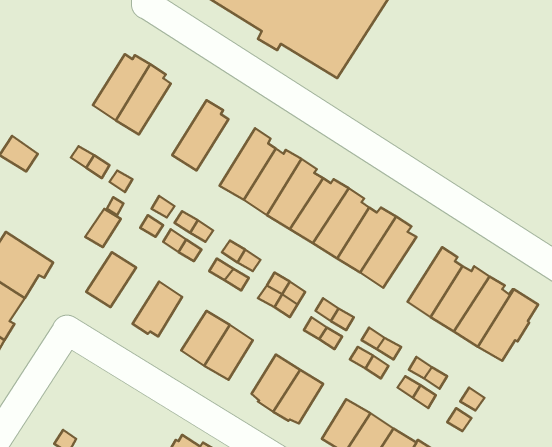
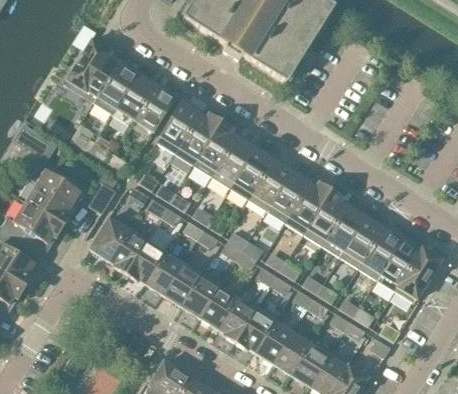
building: none -> [62,39,118,102]
building: none -> [129,85,175,137]
building: none -> [174,113,220,165]
building: none -> [25,166,79,225]
building: none -> [320,205,366,256]
building: none -> [107,229,145,273]
building: none -> [144,252,182,294]
building: none -> [199,286,236,328]
building: none -> [254,320,291,363]

